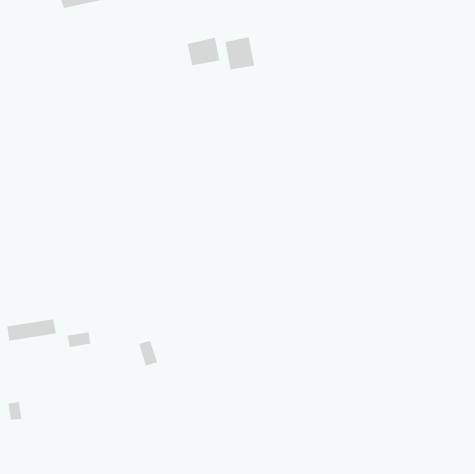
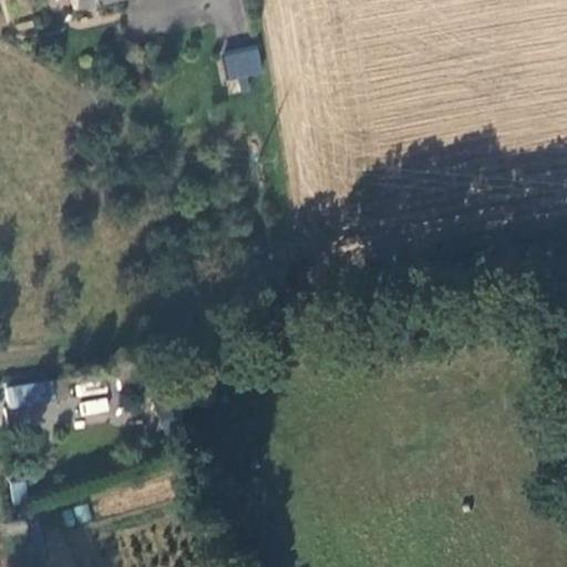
building: [225,36,255,70] -> none

